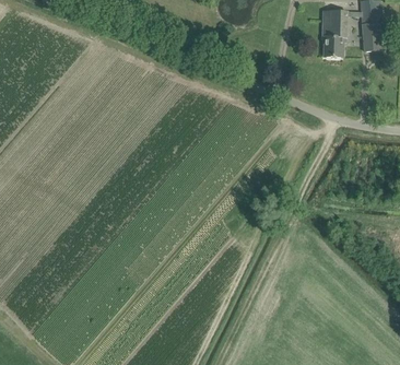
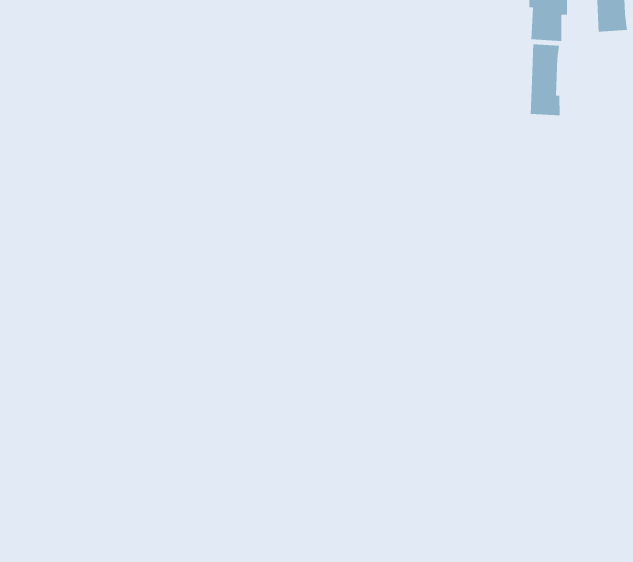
building: none -> [530,44,560,116]

